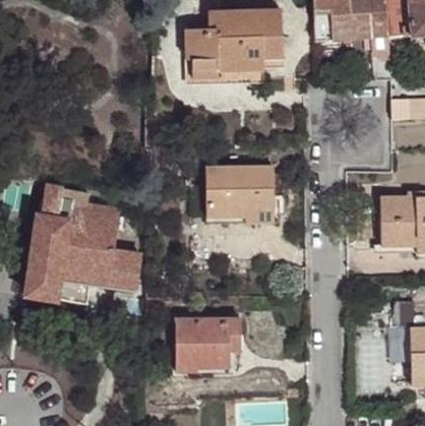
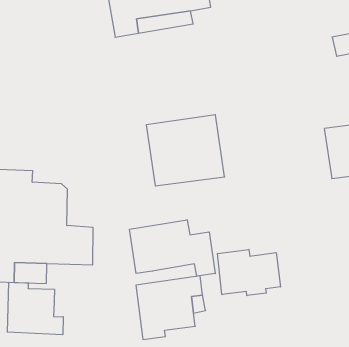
building: none -> [130,220,215,276]
building: none -> [218,249,280,296]
building: none -> [7,282,63,335]

